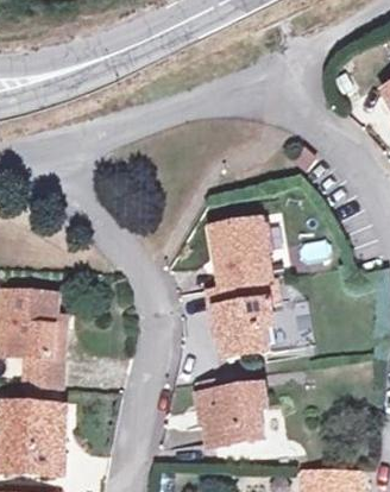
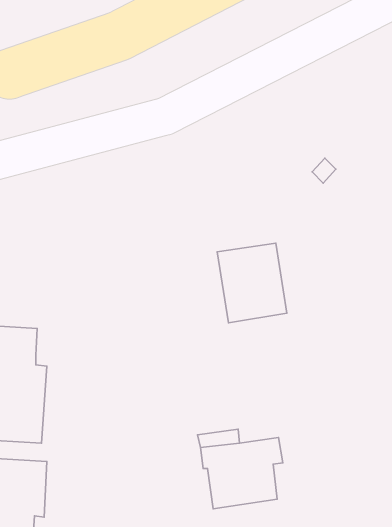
building: [207,278,277,358] -> none

